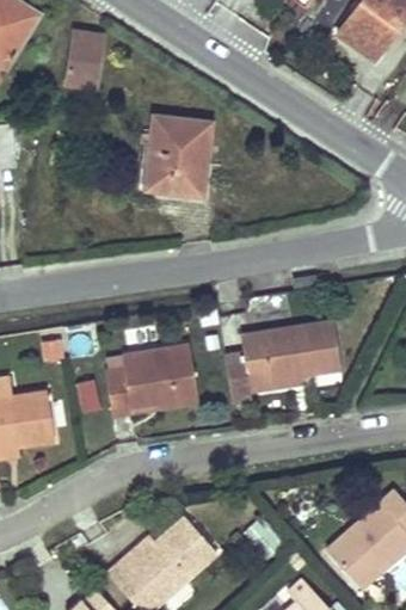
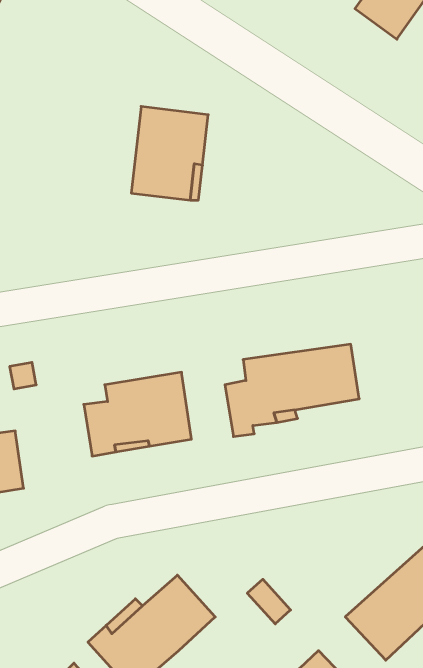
building: [67,32,103,88] -> none

